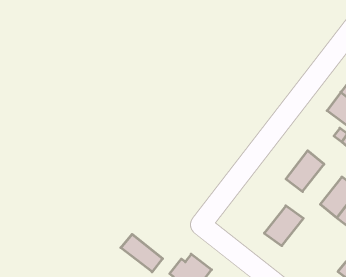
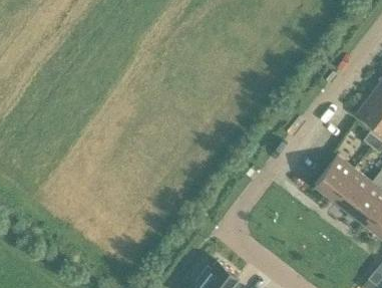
building: [264,206,303,246] -> [331,171,371,212]
building: [121,234,163,272] -> none

